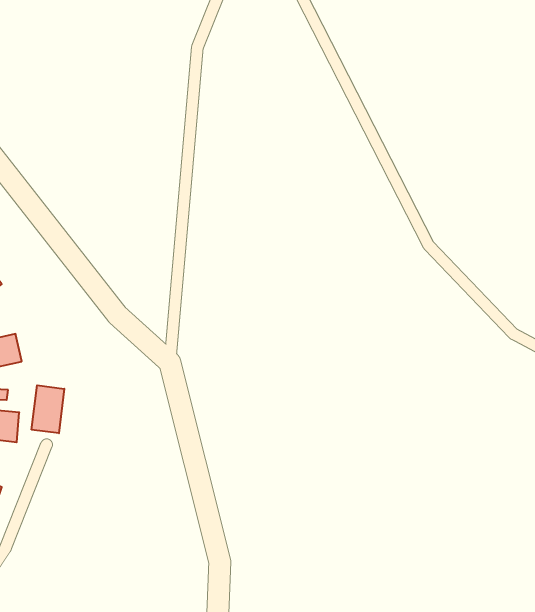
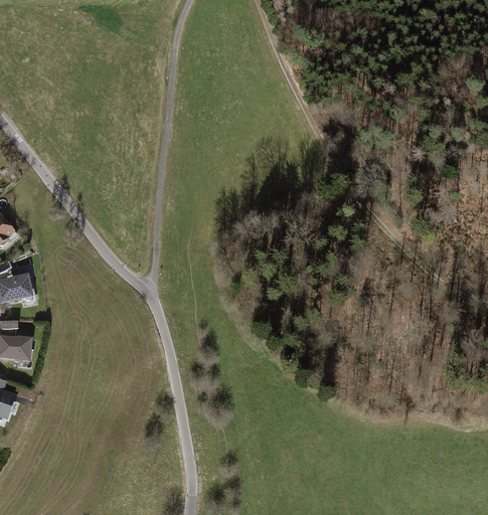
building: [32,385,64,433] -> none

